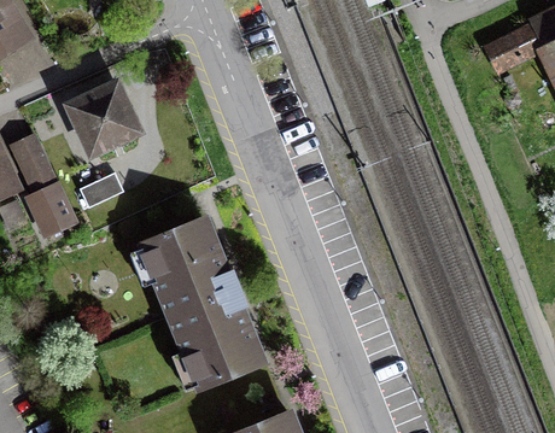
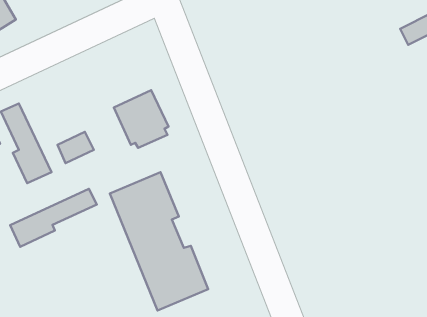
building: [69,87,134,156] -> [114,90,168,148]
building: none -> [10,189,97,247]

